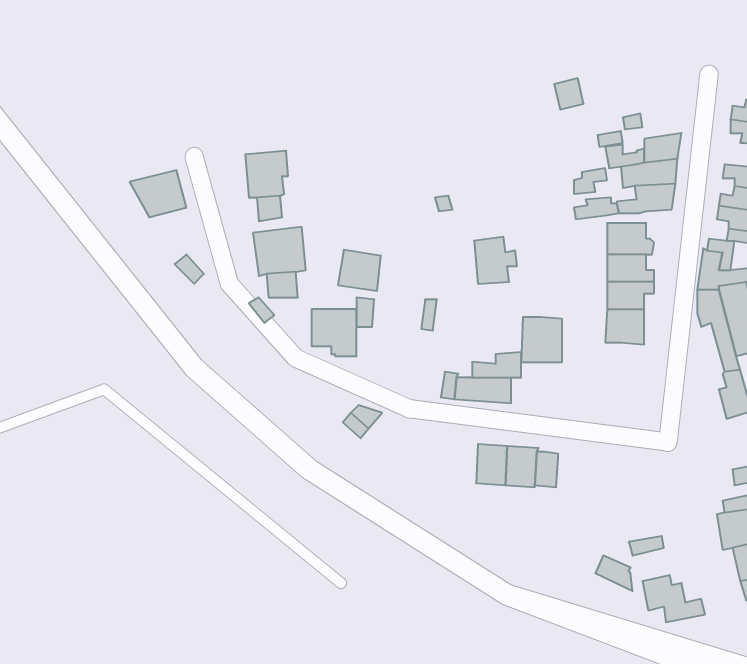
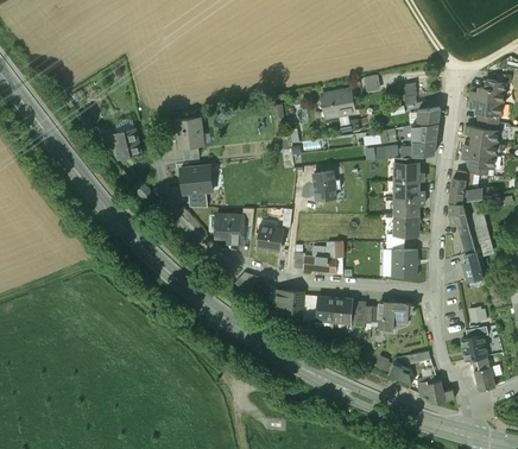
building: none -> [324,90,353,118]
building: [338,250,381,291] -> [257,226,283,251]
building: [521,317,562,362] -> [392,249,417,277]
building: none -> [269,289,303,315]
building: none -> [379,303,413,329]

